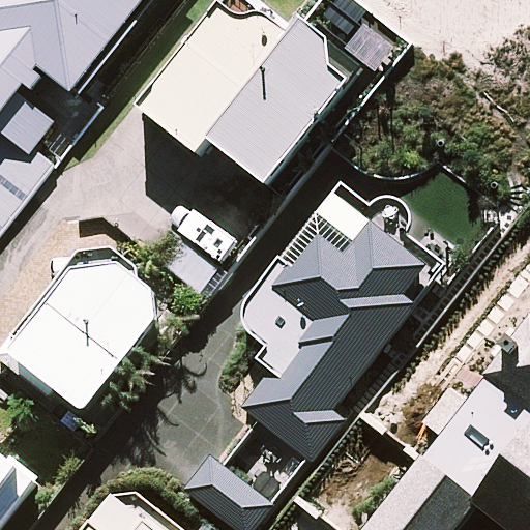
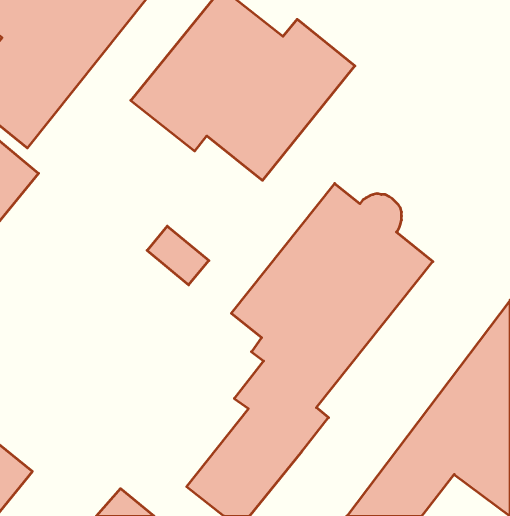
building: [8,261,168,426] -> none

